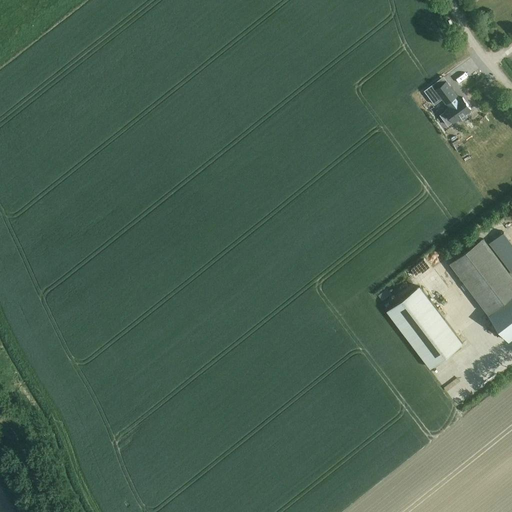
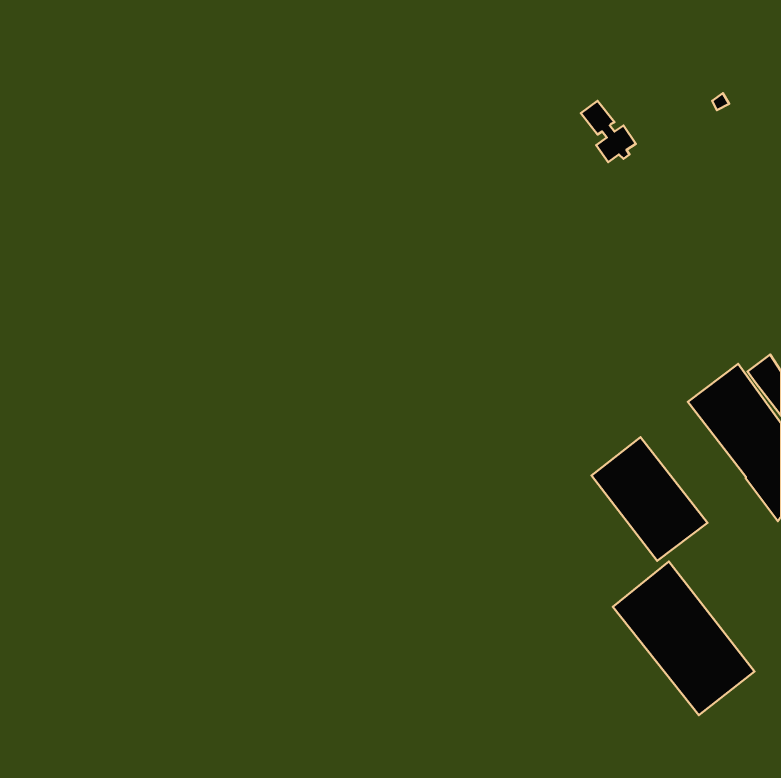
building: [435,83,471,123] -> [581,101,636,162]
building: none -> [613,561,755,715]

